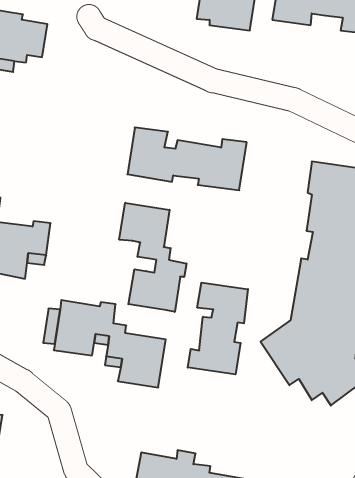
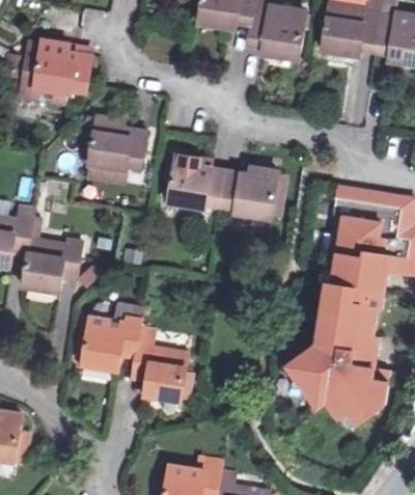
building: none -> [82,116,142,169]
building: [119,203,186,312] -> none
building: [188,283,248,374] -> none

